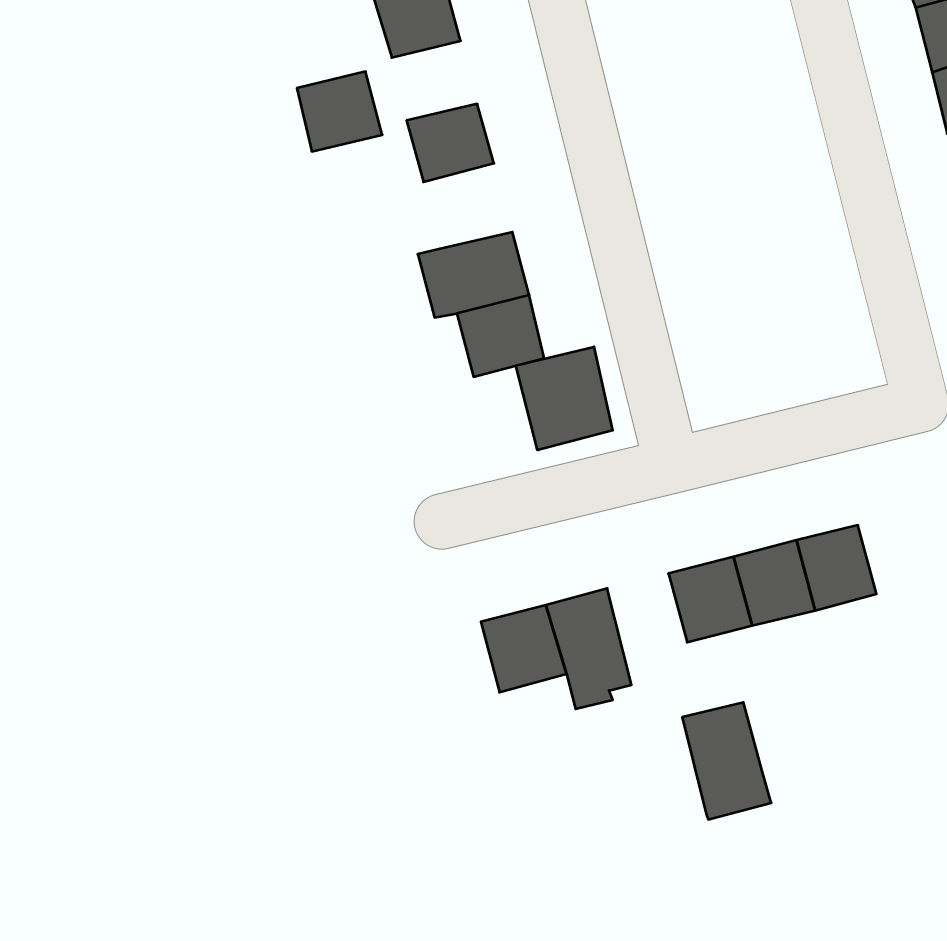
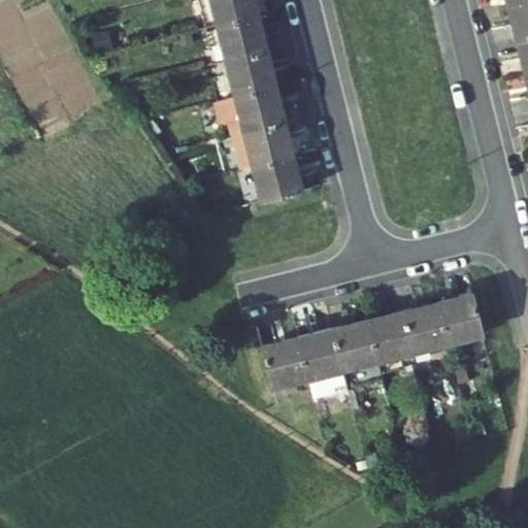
building: [297,72,382,151] -> [219,23,266,67]
building: none -> [236,91,286,138]
building: [516,347,613,450] -> none
building: [682,702,771,819] -> [338,319,388,384]

